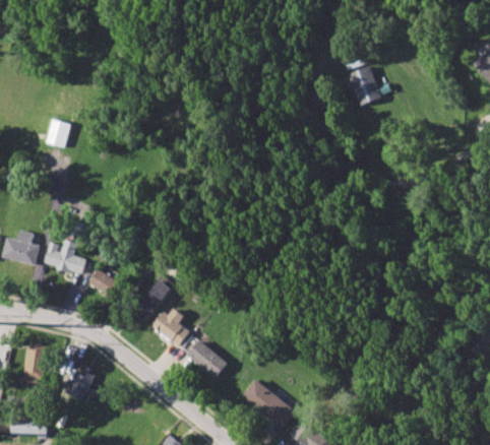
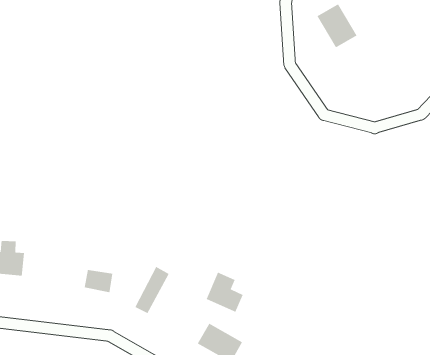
building: [46,119,70,147] -> none
building: [45,240,86,273] -> none
building: [154,305,189,345] -> [206,272,244,313]

